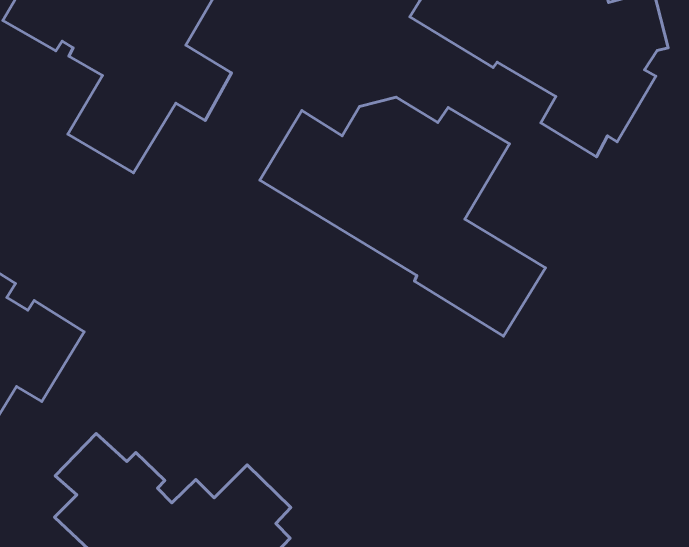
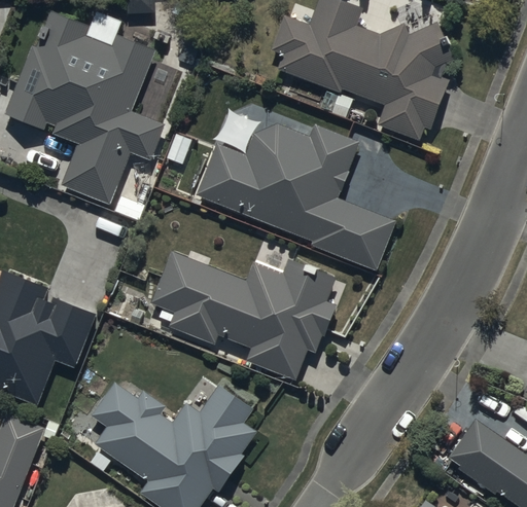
building: none -> [151,252,336,381]

